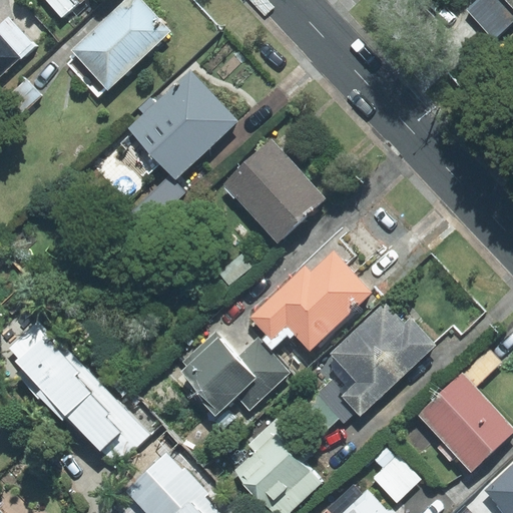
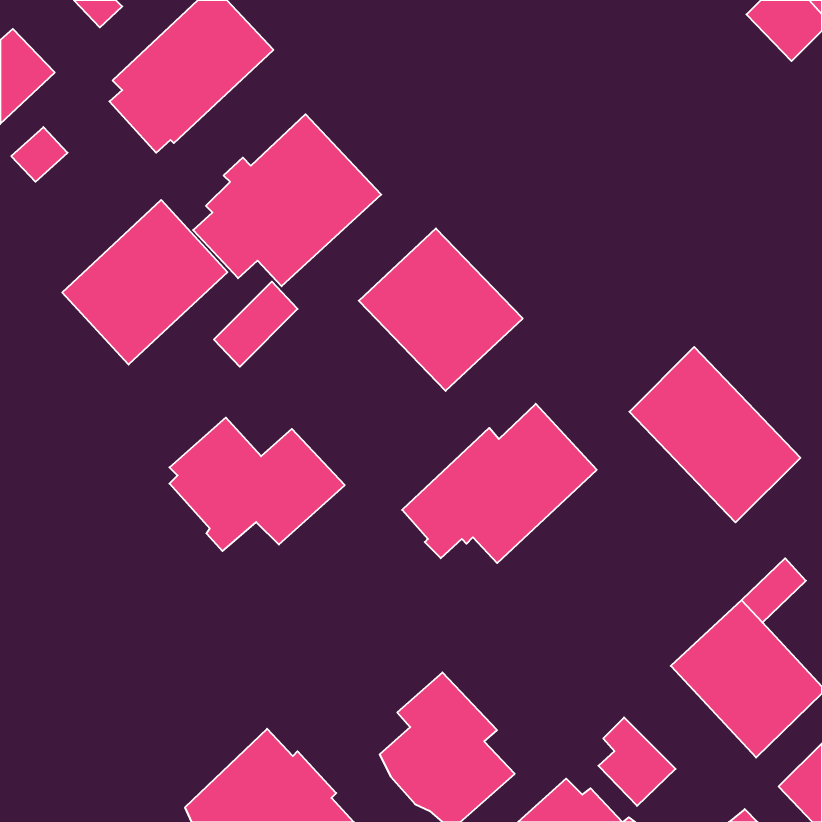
building: none -> [62,200,227,365]
building: none -> [629,347,800,522]
building: [304,304,434,431] -> none
building: [9,321,148,466] -> none
building: [181,331,291,414] -> [169,418,345,551]

